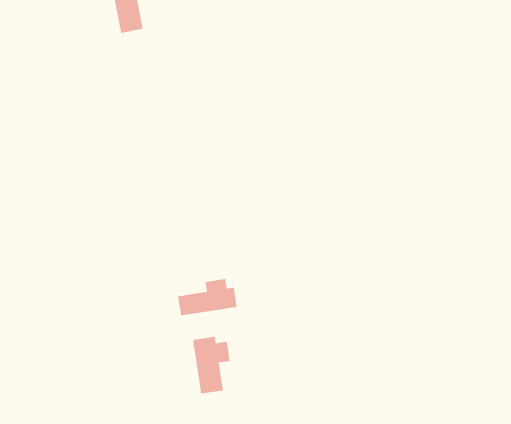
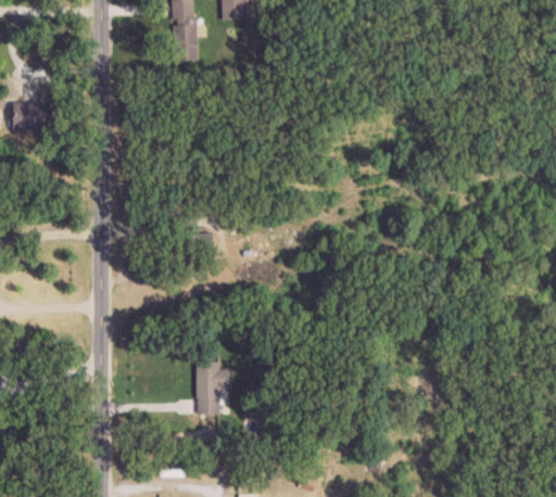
building: [178,278,237,316] -> none

